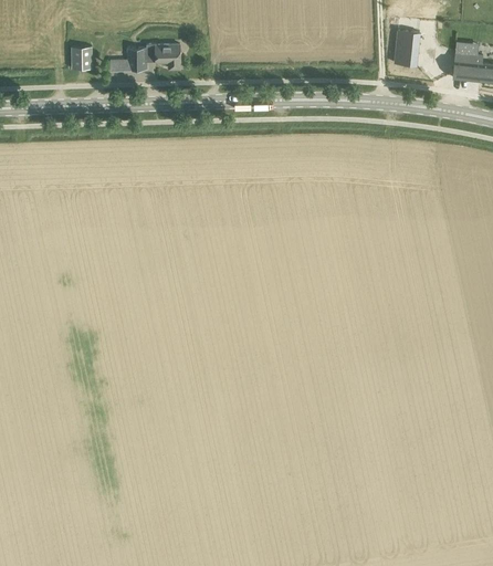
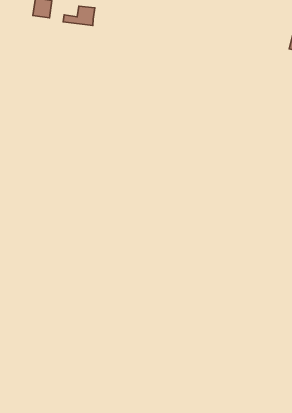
building: [146,43,179,67] -> none

